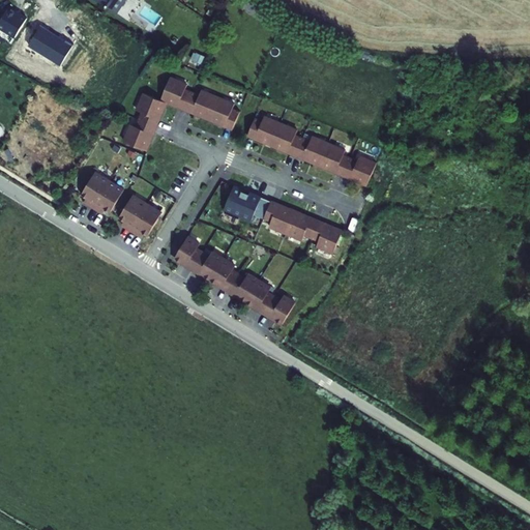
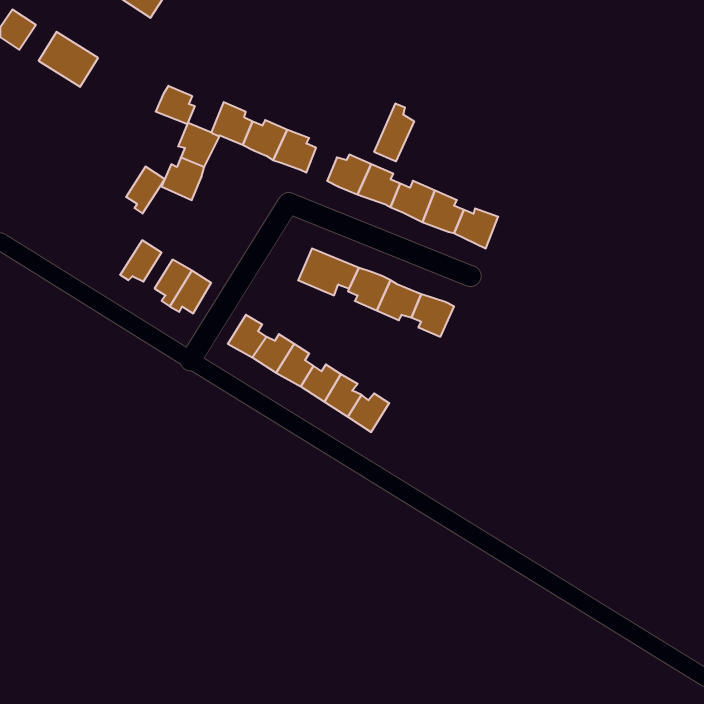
building: none -> [156,86,195,124]
building: none -> [374,103,414,161]
building: [79,171,108,206] -> [126,167,165,214]

